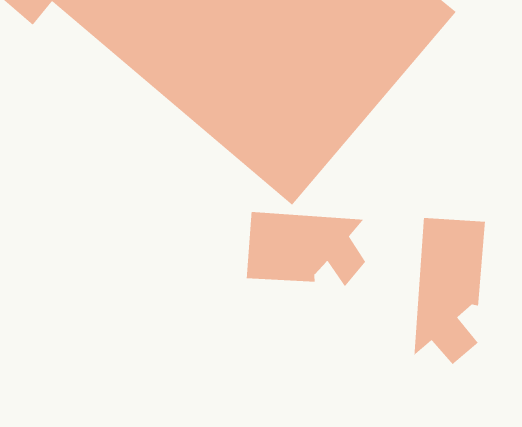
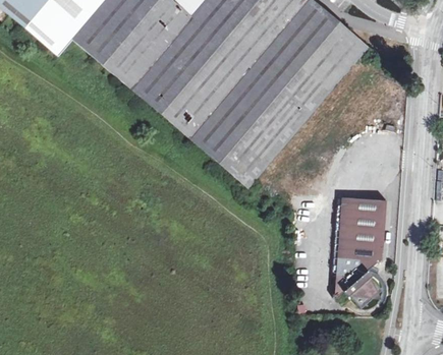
building: [246,211,366,287] -> none

